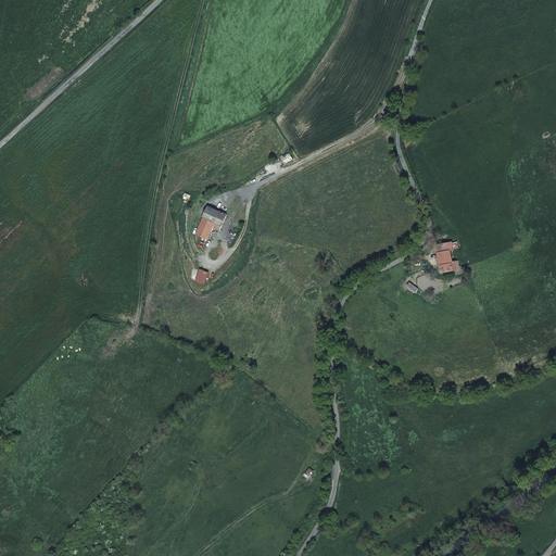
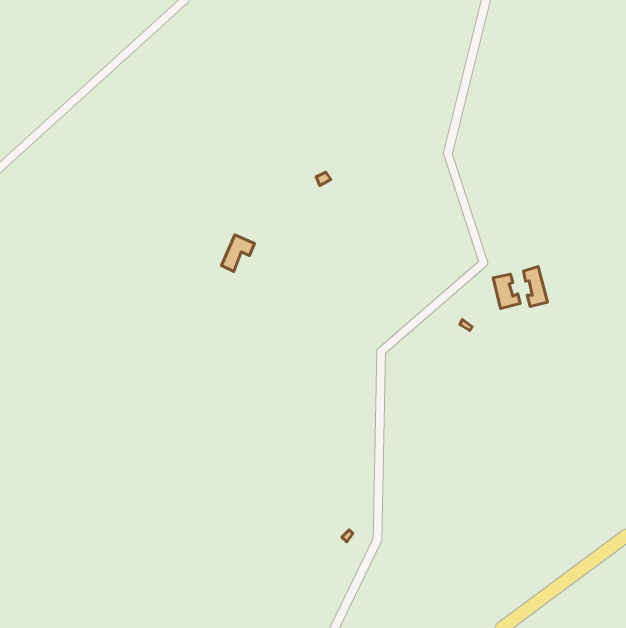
building: none -> [523,267,547,307]

